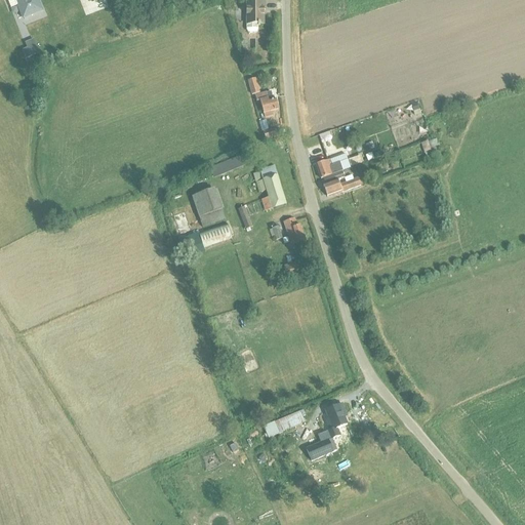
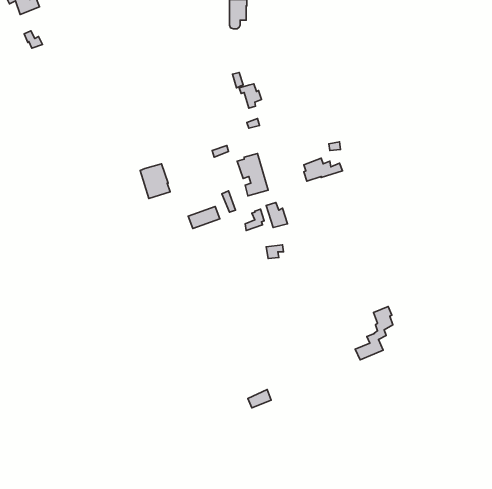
building: [315,157,349,176] -> none
building: [192,187,224,224] -> [140,164,170,199]
building: [306,401,346,457] -> [355,307,393,360]

